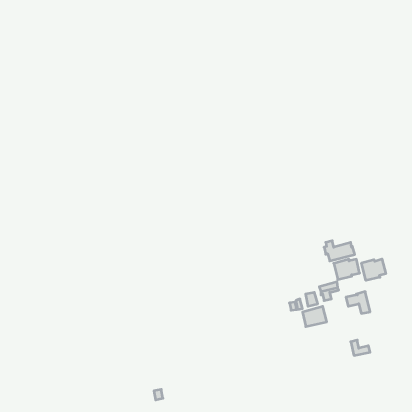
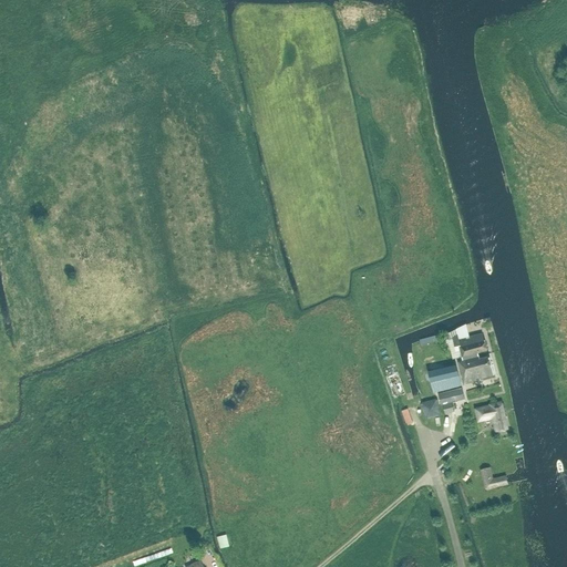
building: [362,259,386,280] -> none
building: [303,306,327,327] -> [429,363,462,391]

